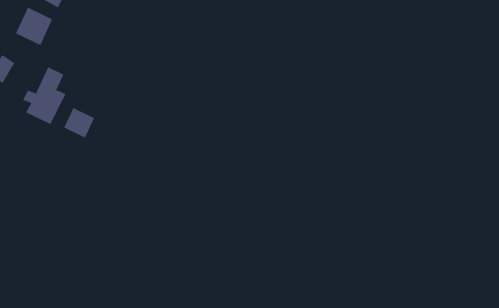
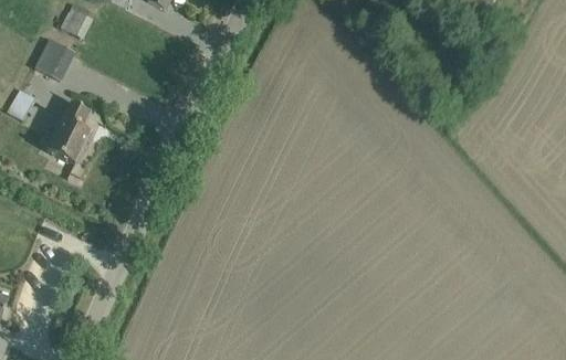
building: [63,107,95,139] -> none

